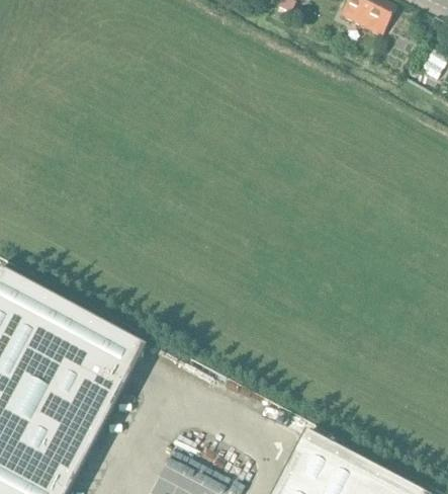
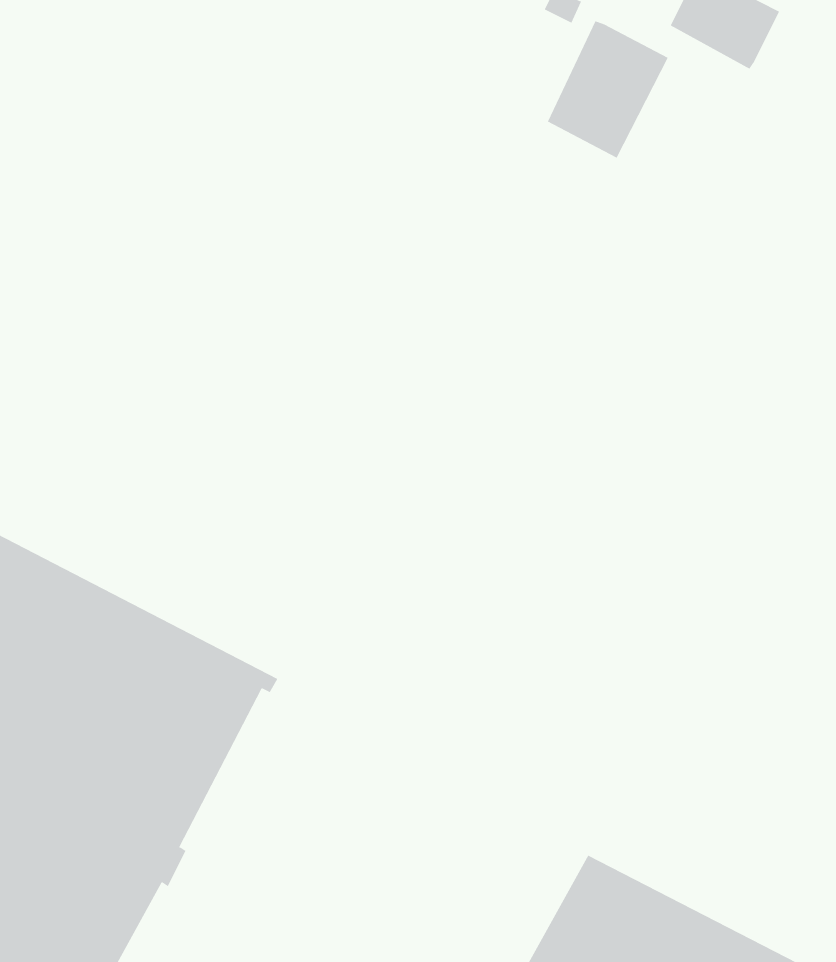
building: none -> [547,20,669,158]

